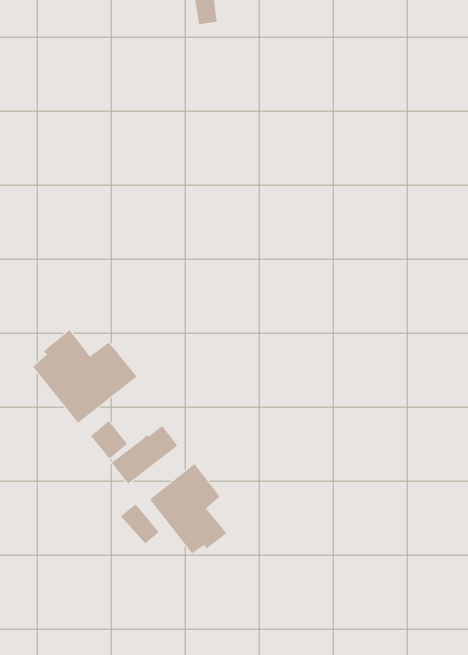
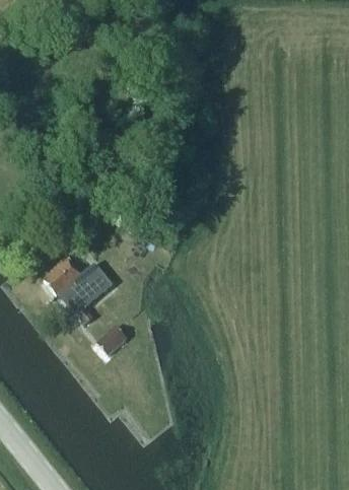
building: [149,463,227,554] -> none

